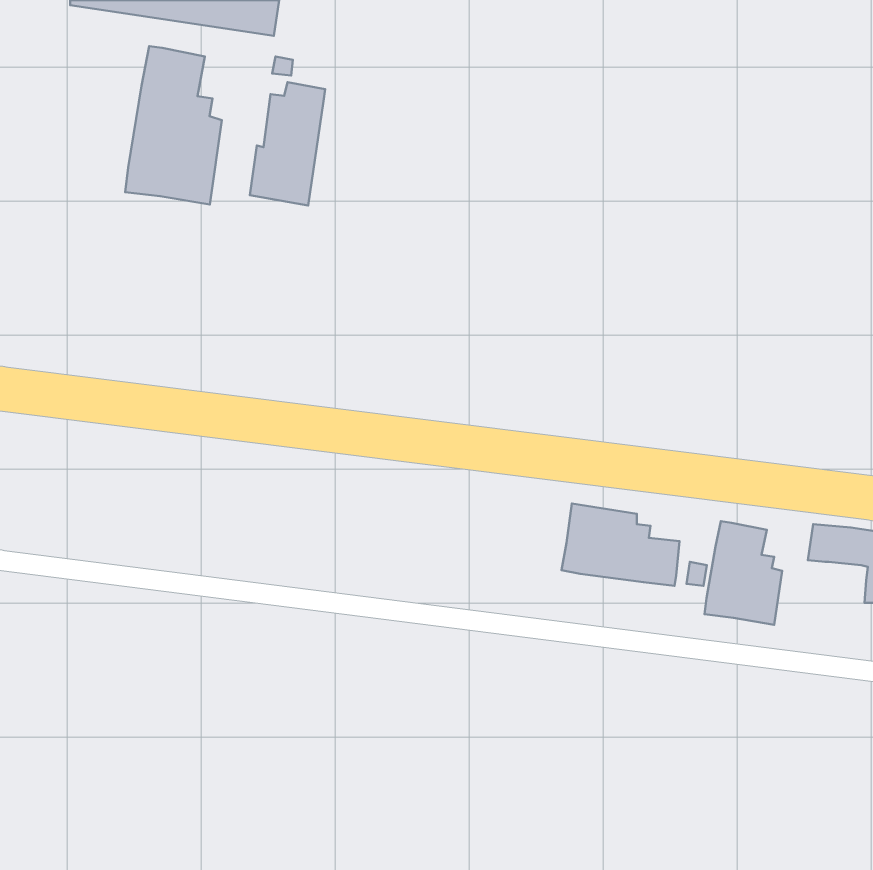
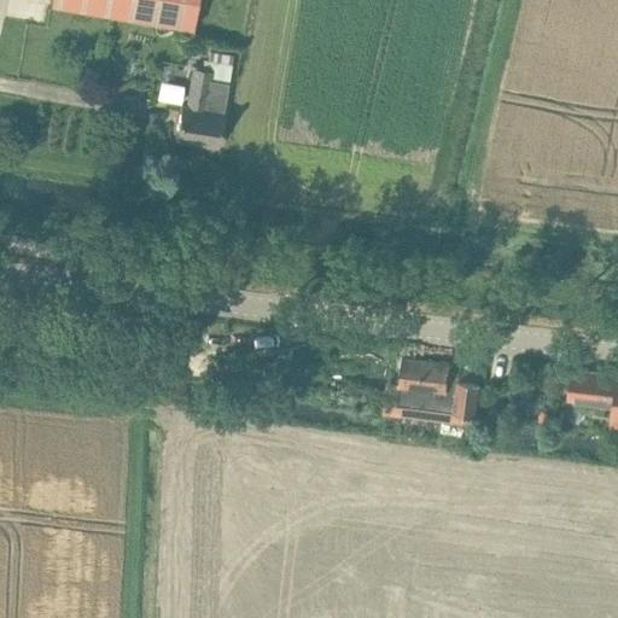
building: [125,46,222,205] -> none
building: [704,521,782,625] -> none

